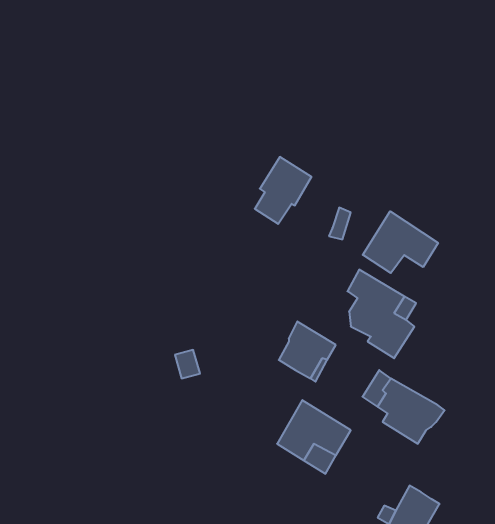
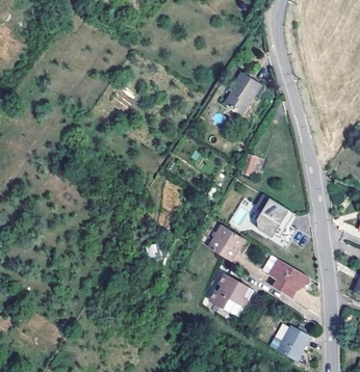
building: [255,157,312,224] -> [227,71,262,112]
building: [363,211,438,273] -> none

